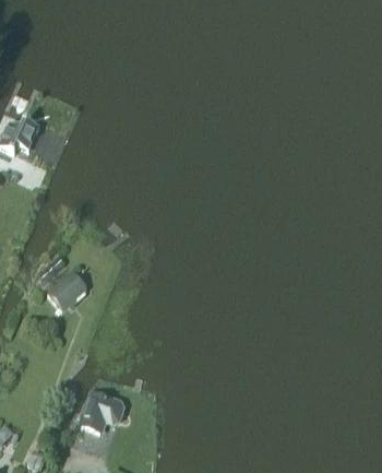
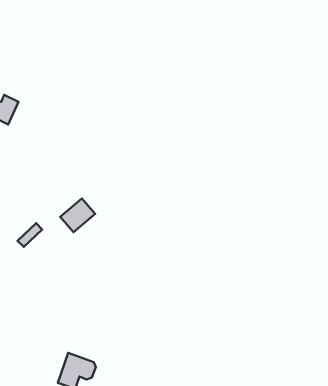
building: [48,271,85,307] -> [60,198,95,232]

